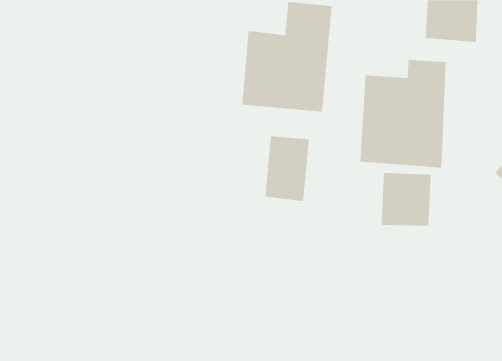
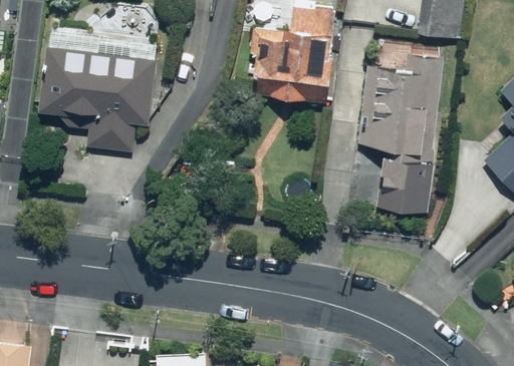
building: none -> [36,49,155,151]
building: [265,136,309,202] -> none

